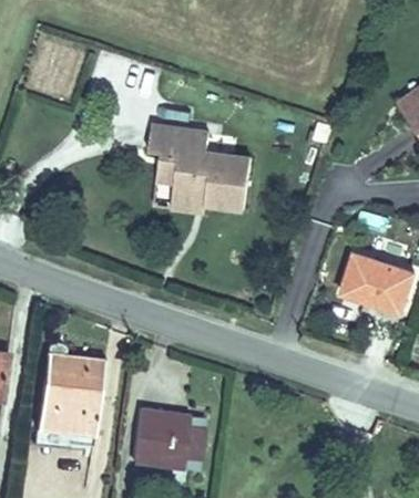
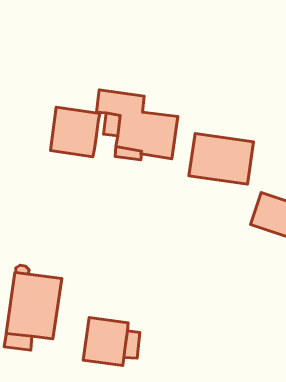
building: none -> [50,107,100,157]
building: none -> [189,133,254,184]

